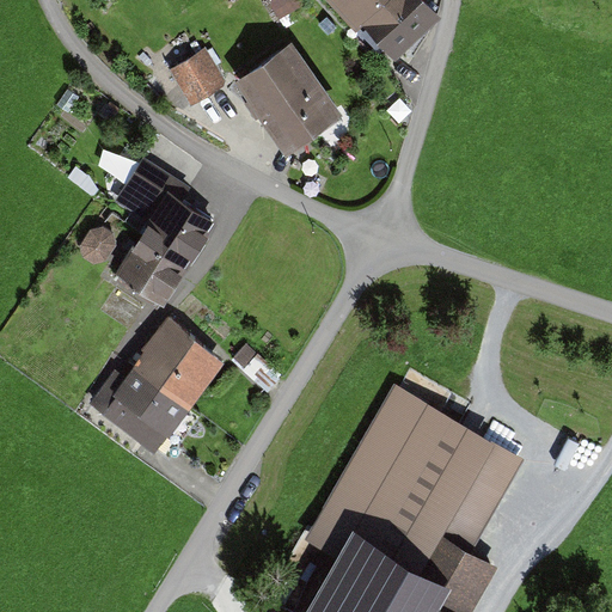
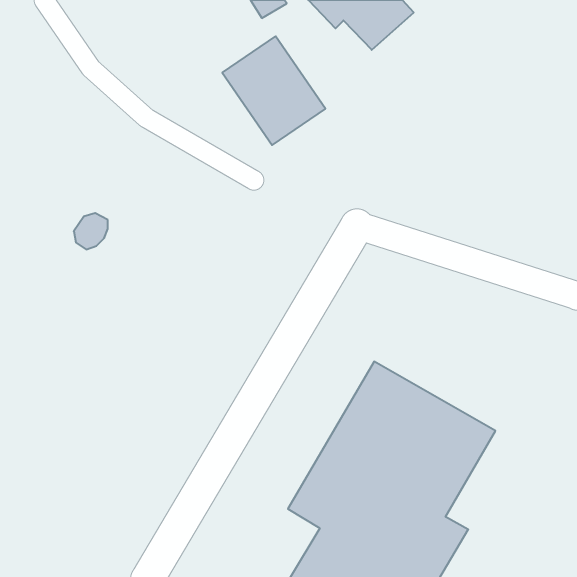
building: [166,49,225,108] -> none
building: [111,157,215,305] -> none
building: [88,317,226,453] -> none

